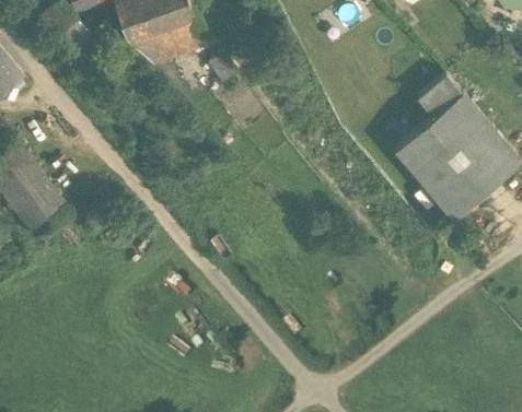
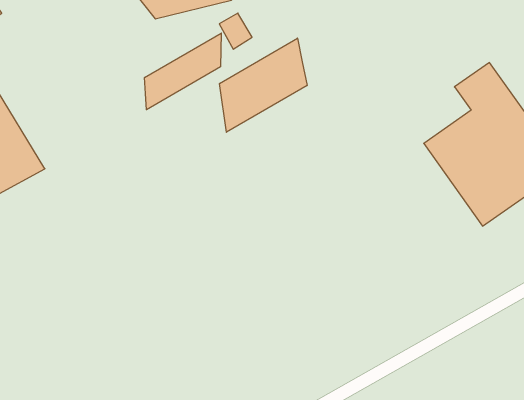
building: none -> [220,38,307,132]
building: none -> [145,33,221,110]

